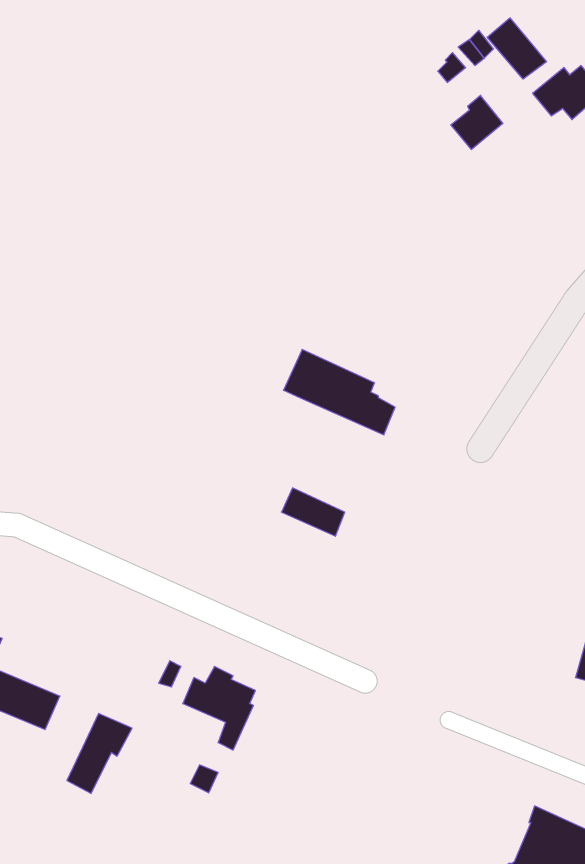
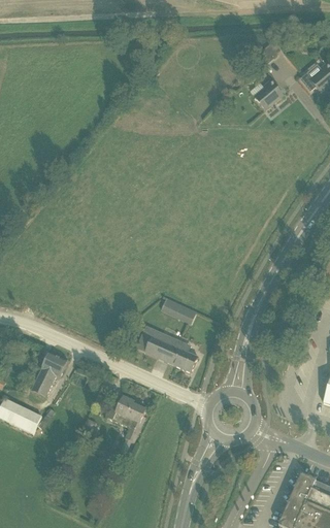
building: [487,18,546,79] -> none
building: [283,349,395,435] -> [136,325,198,372]
building: [67,713,132,793] -> [32,353,68,397]

